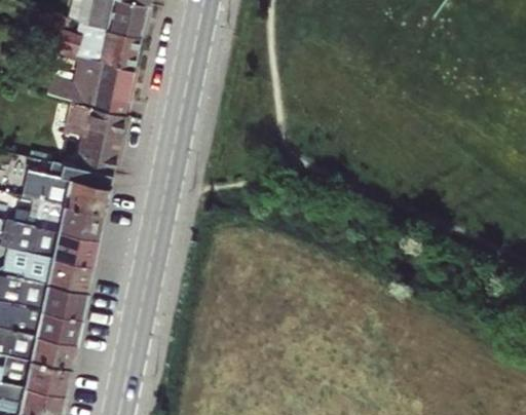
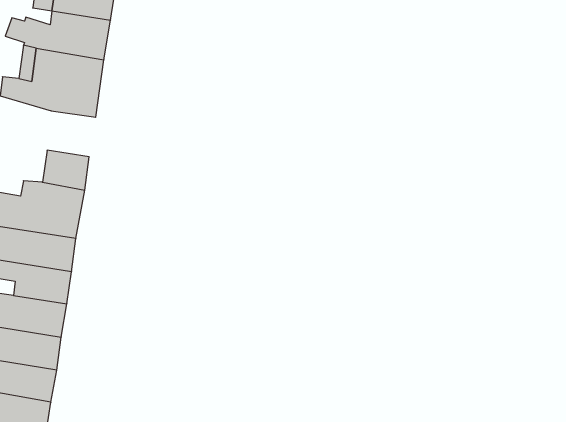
building: [64,104,123,147] -> none

